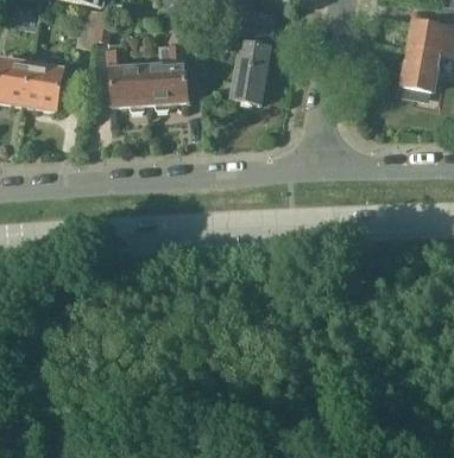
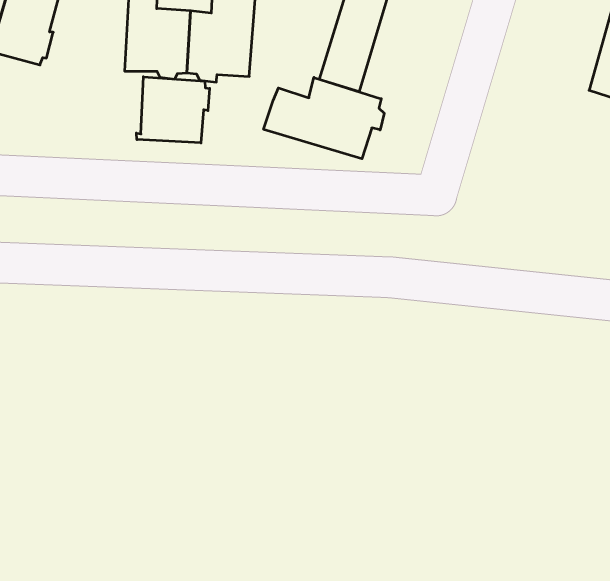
building: none -> [264,77,384,159]
building: none -> [136,77,210,143]

